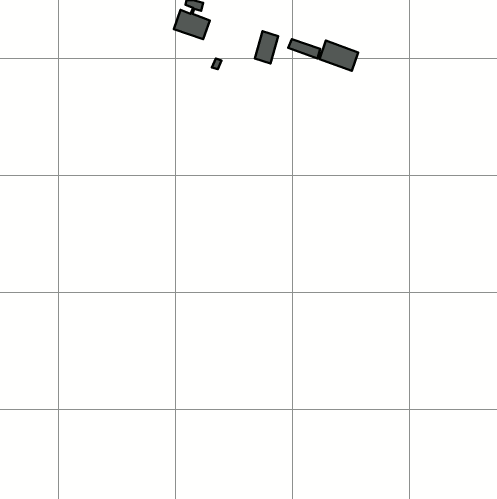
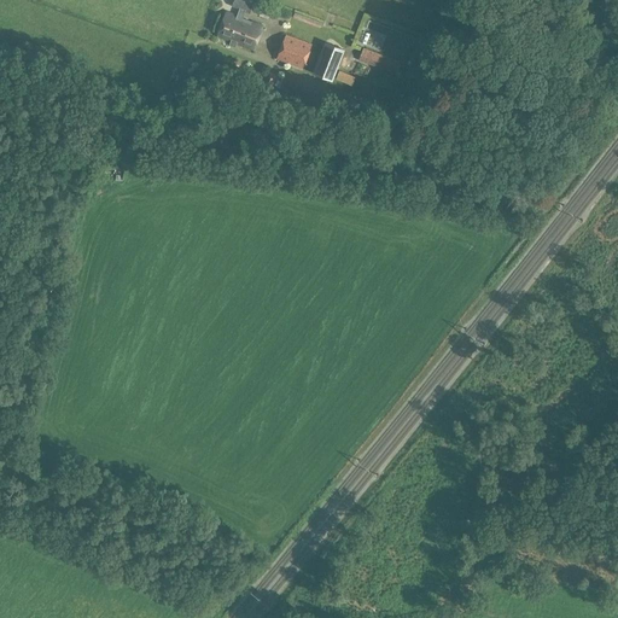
building: none -> [274,34,310,69]
building: [320,41,358,71] -> none

